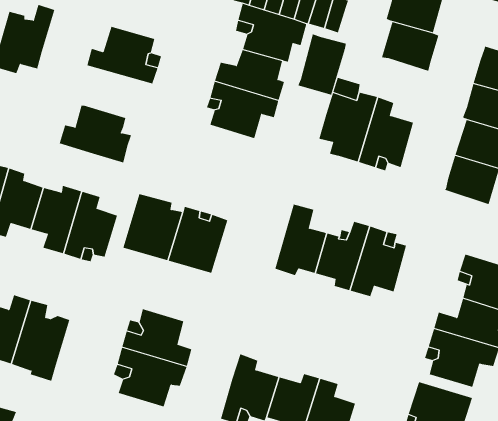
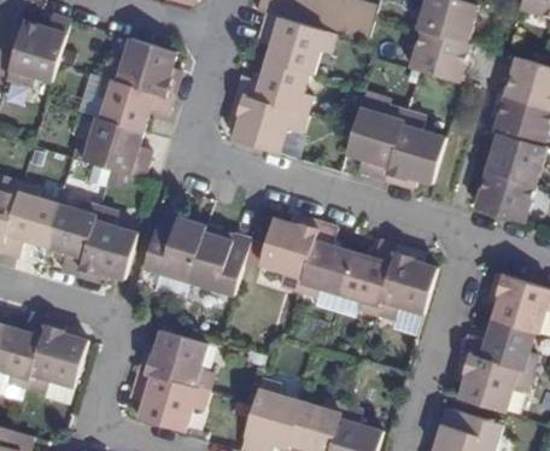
building: [298,34,346,96] -> none
building: none -> [98,77,172,131]
building: none -> [262,212,318,288]

